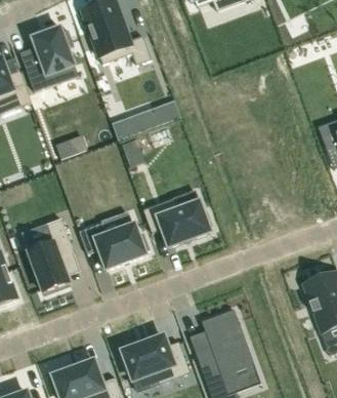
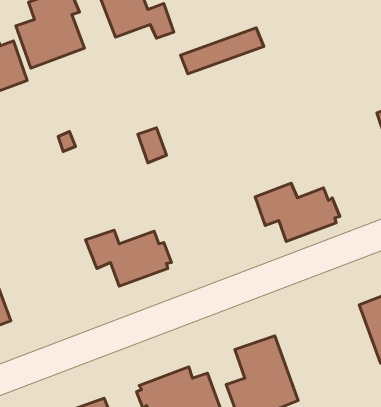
building: [111,101,179,138] -> [180,28,264,74]
building: [141,197,211,245] -> [255,183,340,242]
building: [25,217,72,291] -> none

